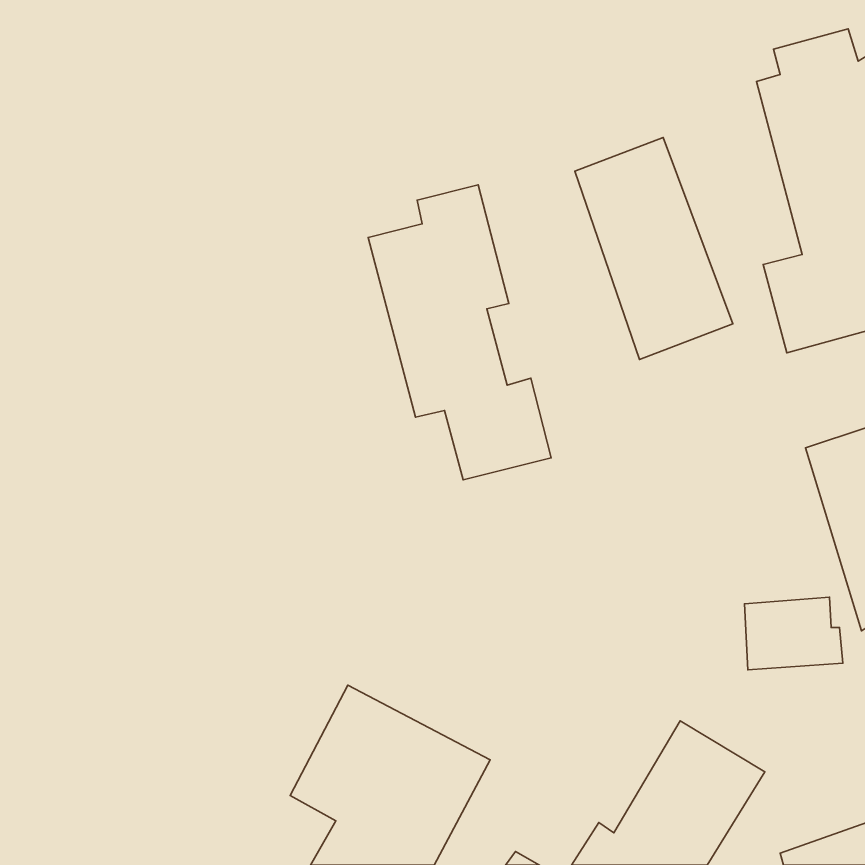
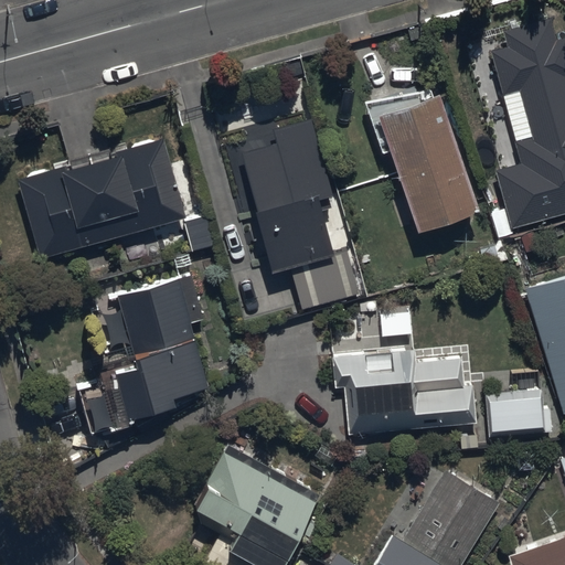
building: none -> [35,135,214,256]
building: none -> [83,275,207,420]
building: none -> [331,349,476,434]

